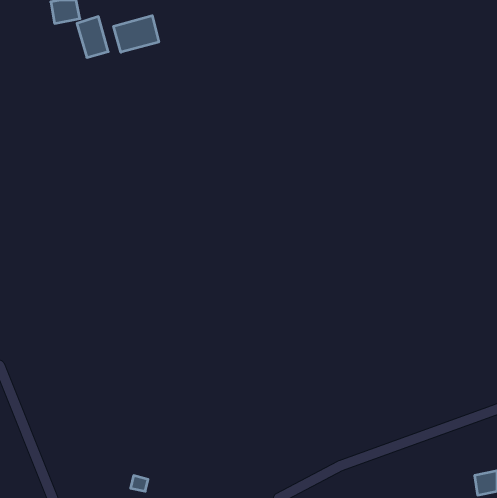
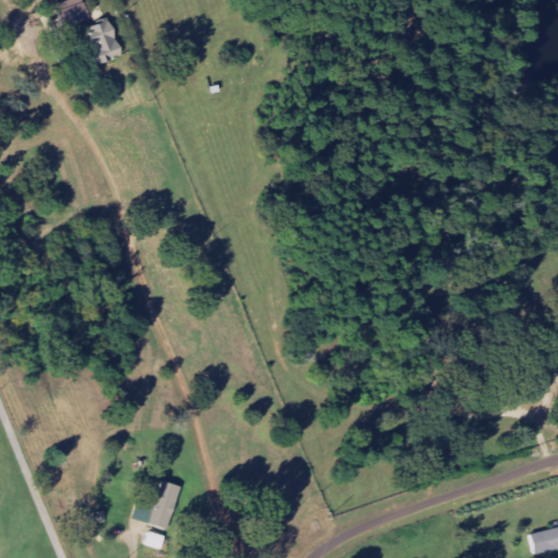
building: [114,16,159,52] -> none
building: none -> [132,481,181,530]

